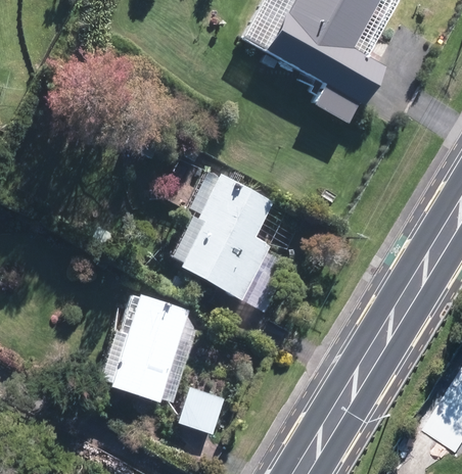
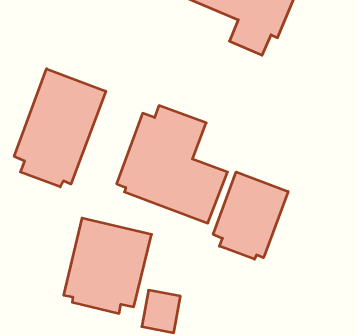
building: none -> [14,69,106,187]
building: none -> [213,172,288,259]

